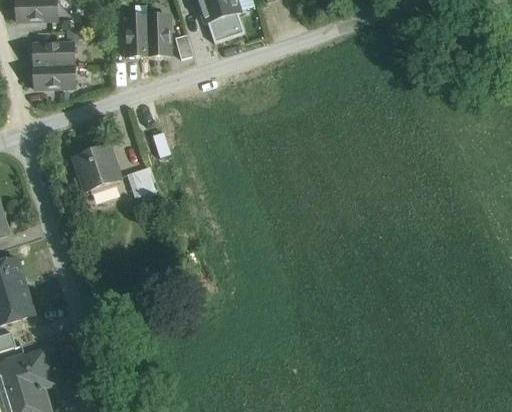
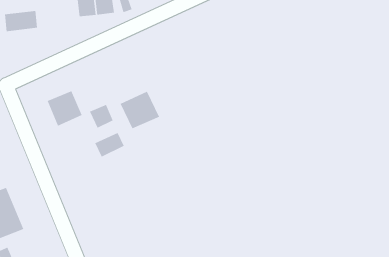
building: [33,65,74,88] -> none
building: none -> [120,91,160,129]
building: none -> [95,132,124,157]

